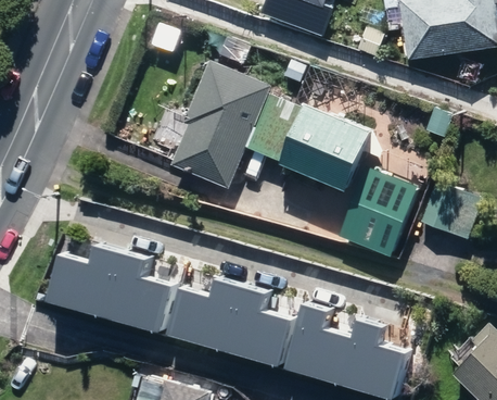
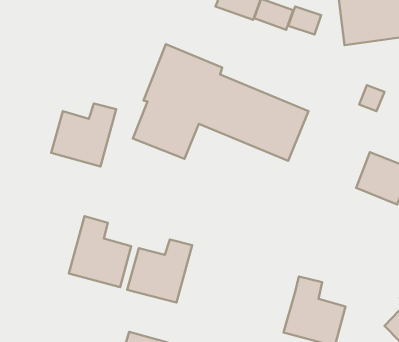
building: [337,166,418,258] -> none
building: [46,246,118,316] -> [51,103,116,167]
building: [221,285,291,364] -> none
building: [283,304,354,383] -> none

